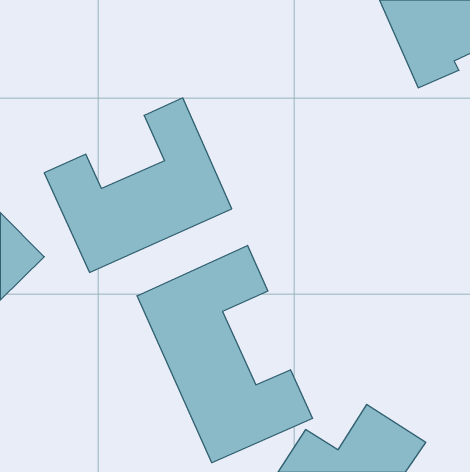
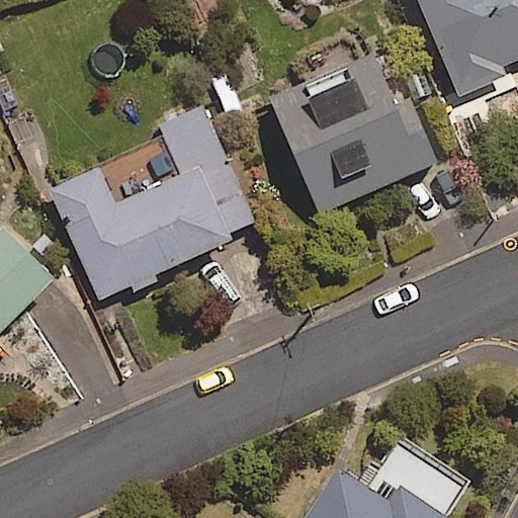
building: none -> [263,48,434,215]
building: [137,245,312,463] -> none

